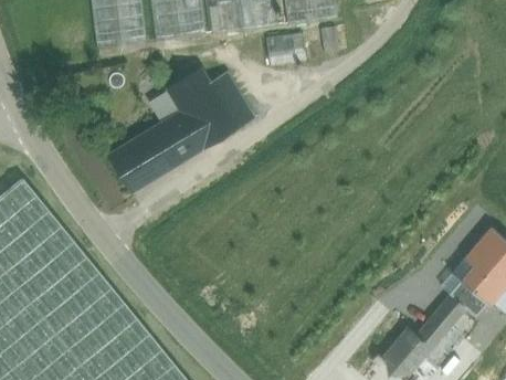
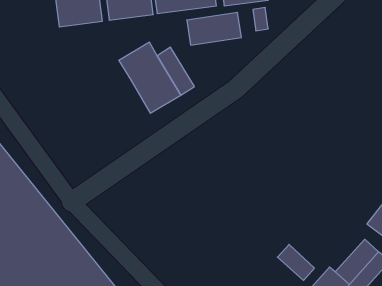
building: [108,110,202,191] -> none
building: none -> [277,244,314,280]

